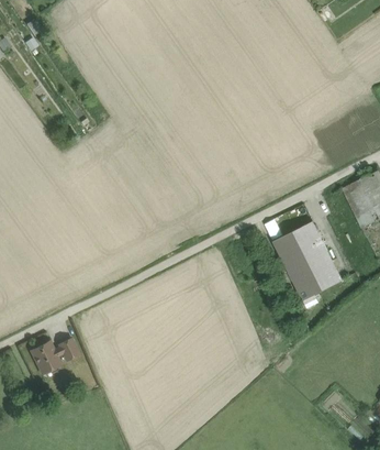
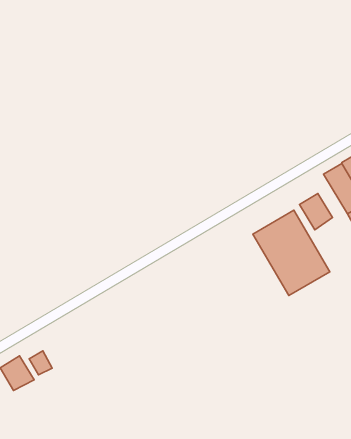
building: none -> [300,194,333,230]

